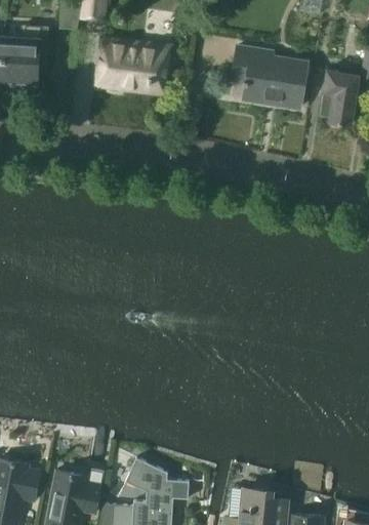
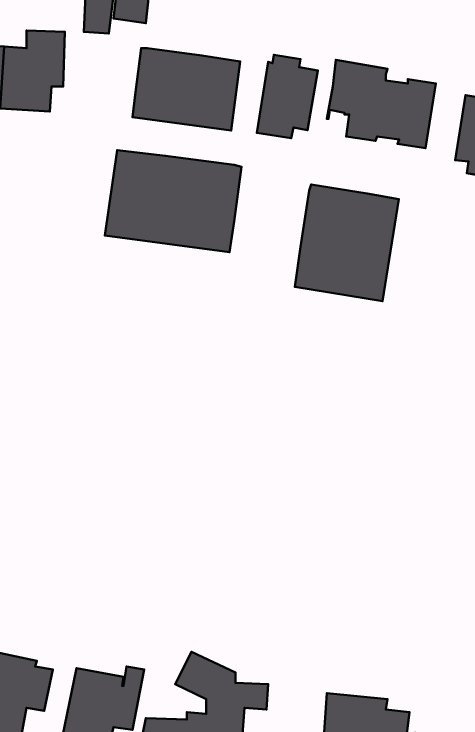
building: none -> [257,55,318,138]
building: none -> [105,150,241,252]
building: none -> [295,185,399,301]

